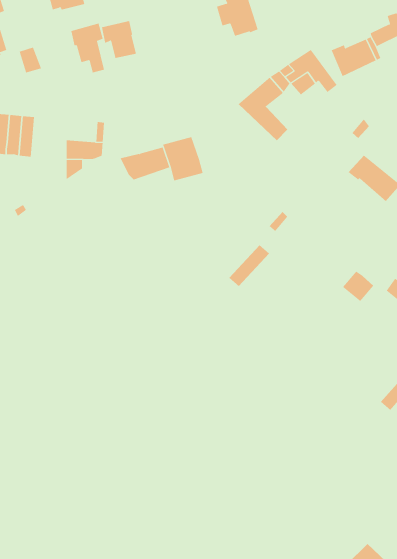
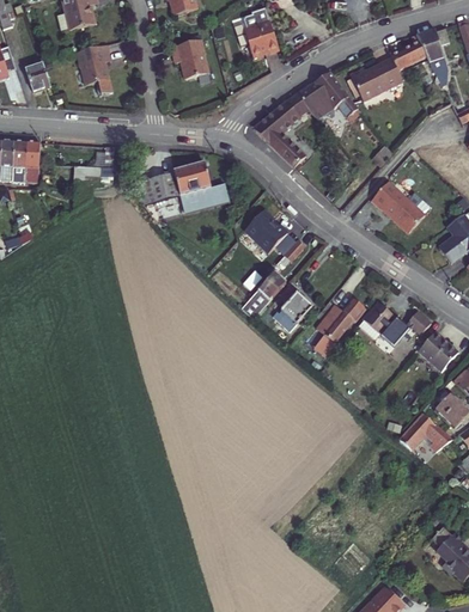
building: [101,20,137,58] -> [167,41,205,80]
building: none -> [248,210,290,252]
building: none -> [276,282,315,330]
building: none -> [313,299,365,356]

